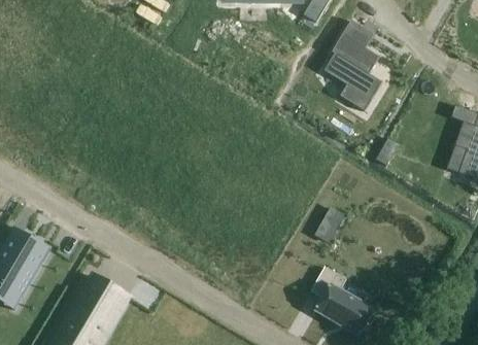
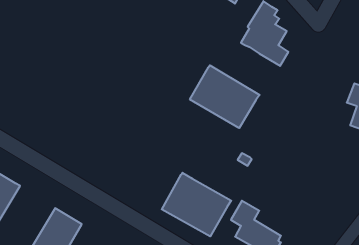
building: none -> [190,65,260,128]
building: none -> [162,173,231,236]

